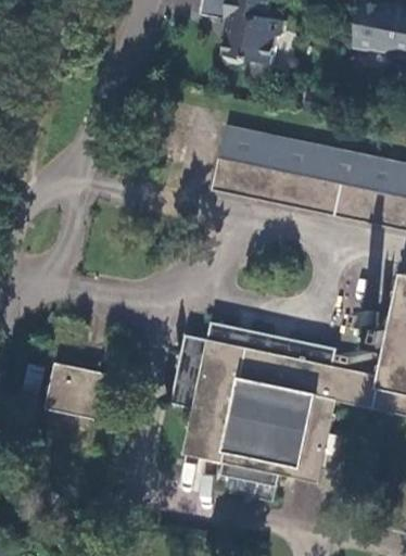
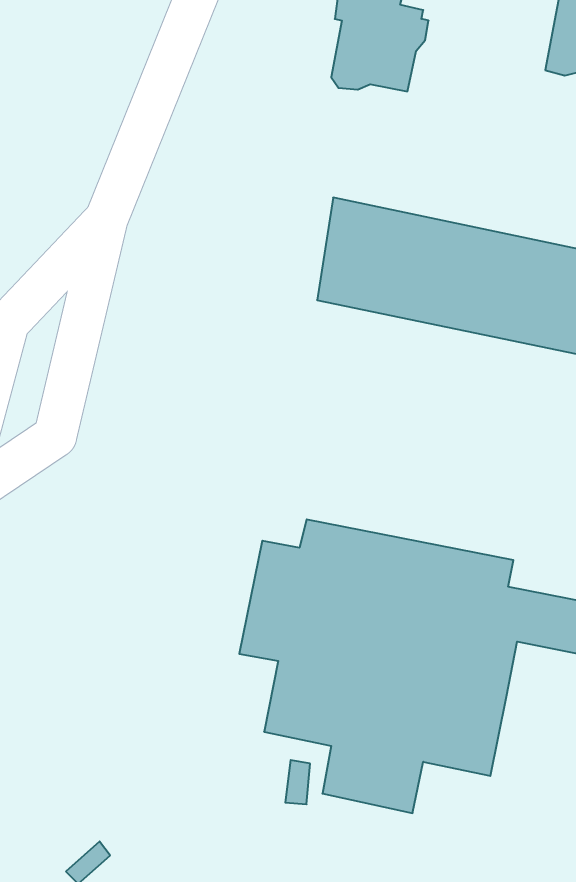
building: [47,362,120,419] -> none

